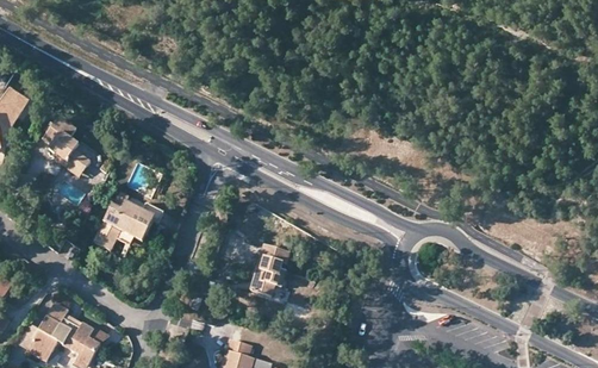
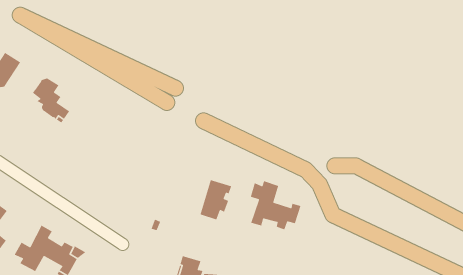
building: [93,192,162,250] -> none
building: none -> [250,180,301,230]

